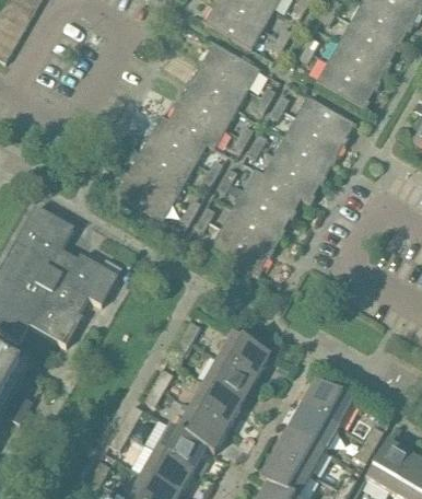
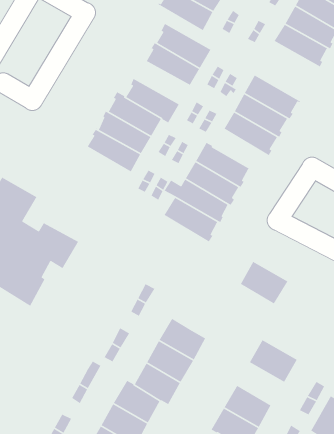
building: [316,58,377,107] -> none
building: [176,79,237,126] -> none
building: [261,152,323,201] -> none
building: [113,171,174,220] -> none
building: [218,330,270,378] -> [240,261,289,304]
building: [288,404,339,450] -> none

